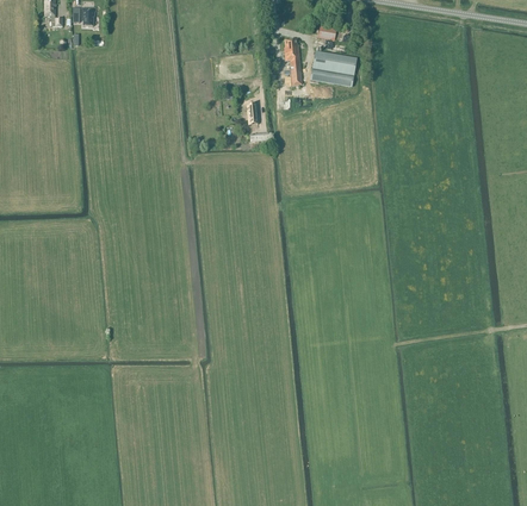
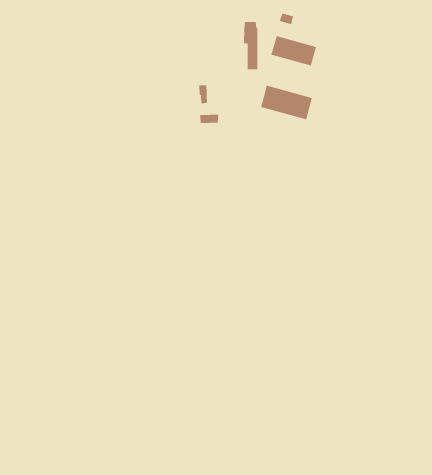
building: none -> [261,85,312,120]

